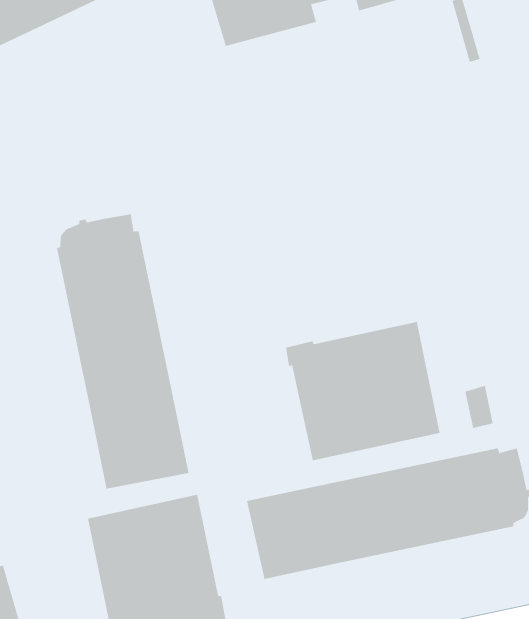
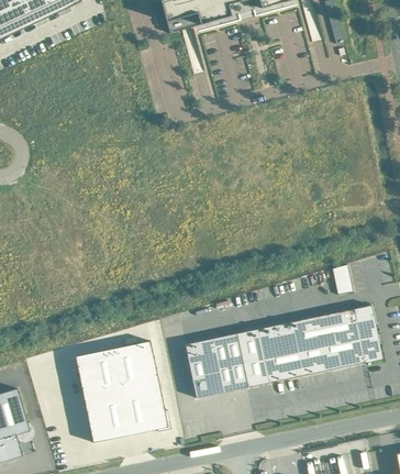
building: [57,213,189,490] -> none
building: [285,321,440,461] -> none

